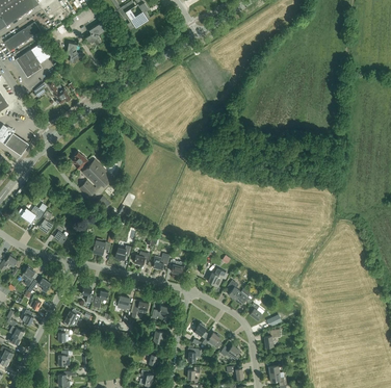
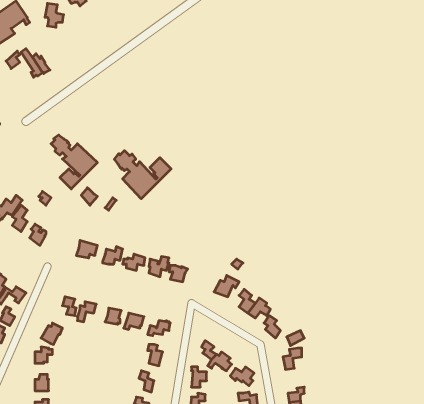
building: none -> [114,151,171,199]

